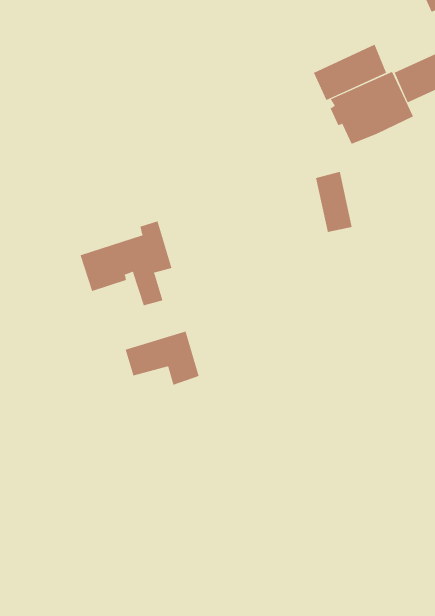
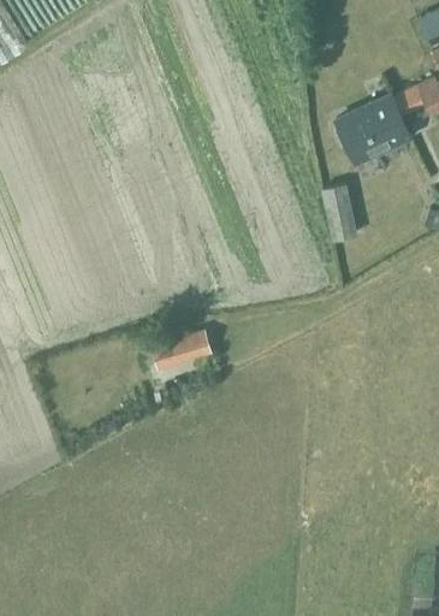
building: [313,44,387,101] -> none
building: [80,221,172,306] -> none

